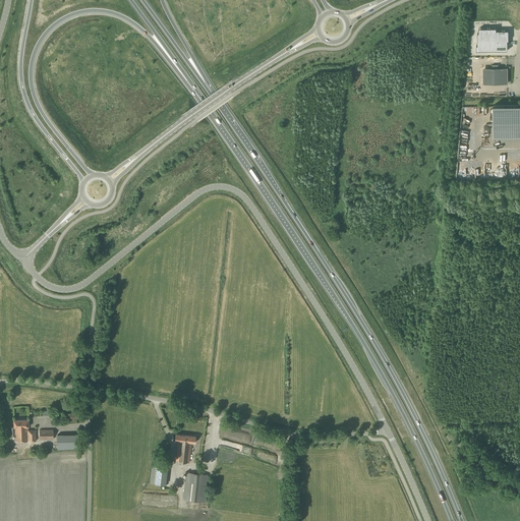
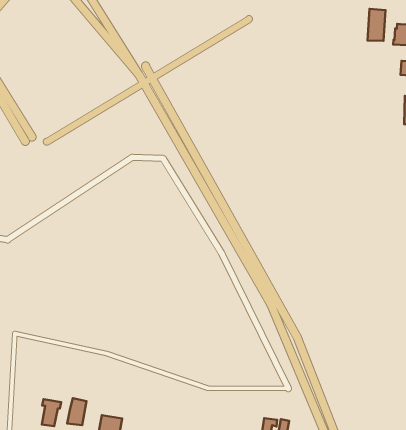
building: none -> [368,9,385,41]
building: [175,435,195,463] -> [42,399,61,426]

